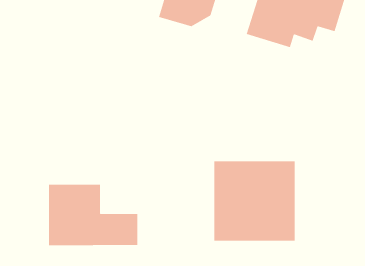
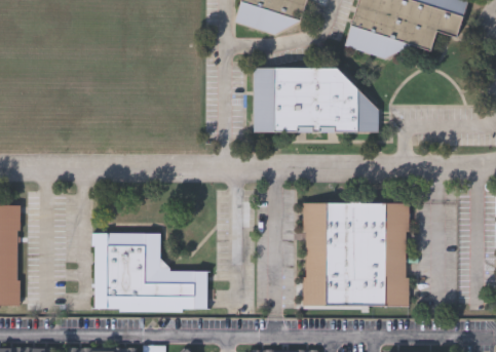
building: none -> [254,69,379,133]

